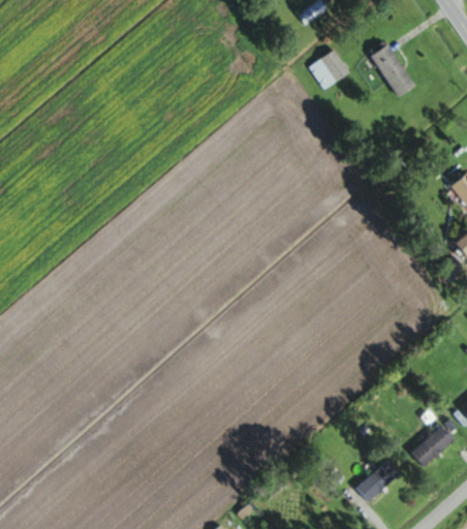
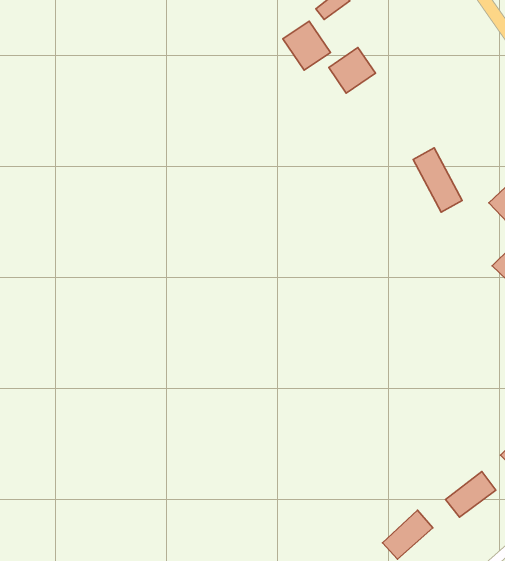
building: none -> [283,21,331,70]
building: [371,42,414,99] -> [413,148,462,212]

